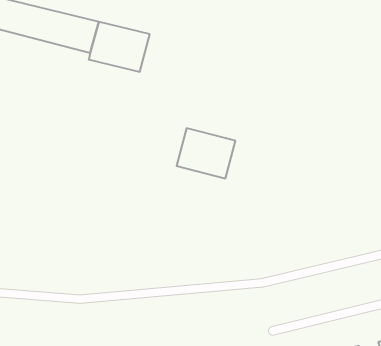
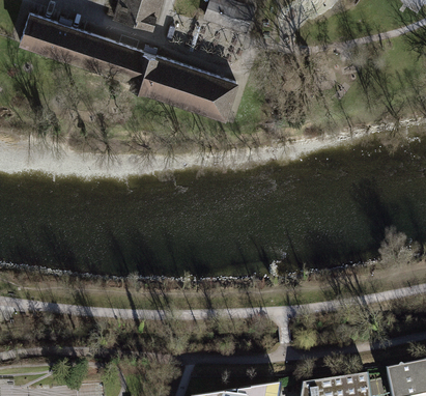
building: [177,128,235,178] -> [178,65,236,116]

